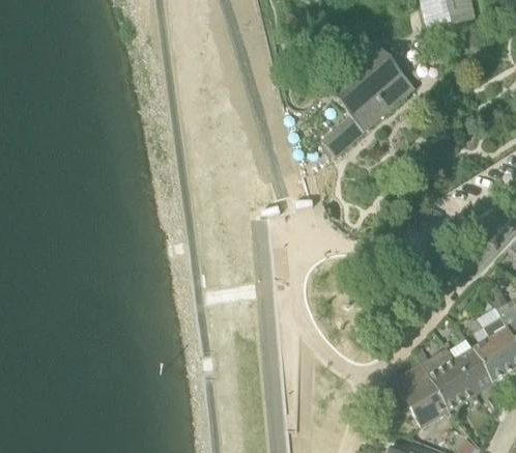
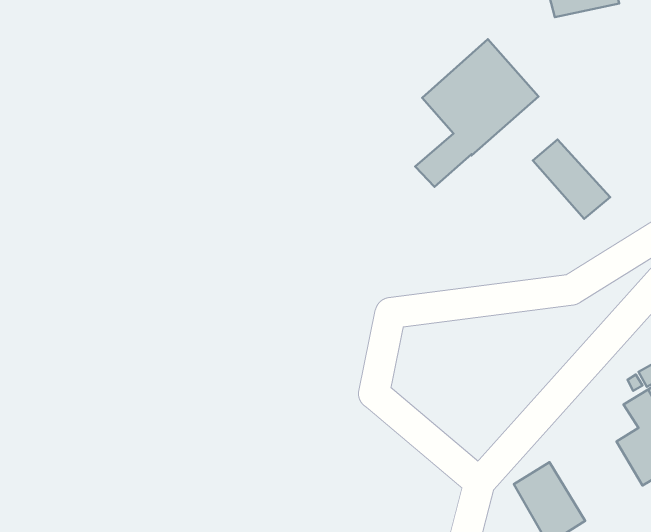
building: none -> [533,139,610,219]
building: [415,346,494,408] -> none

